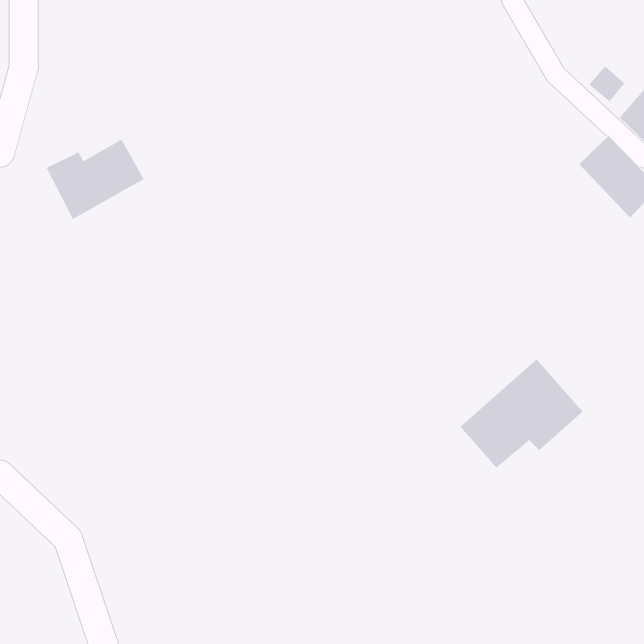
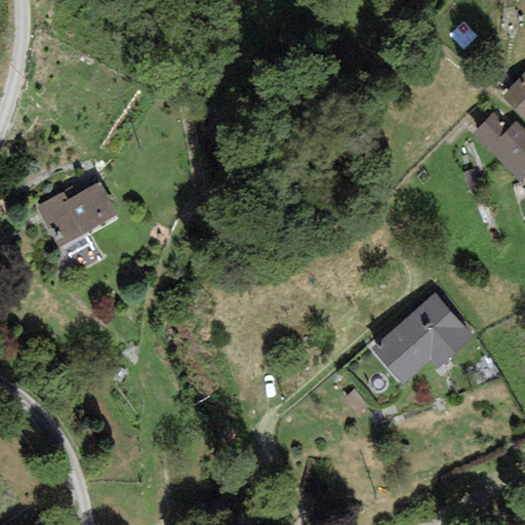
building: [46,139,144,220] -> [38,181,118,247]

